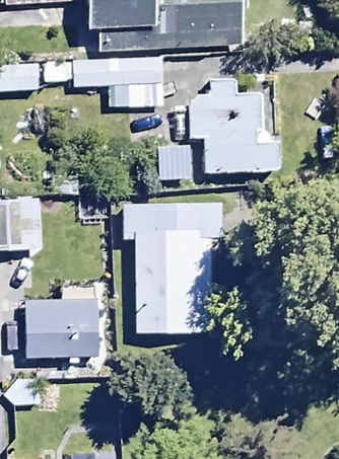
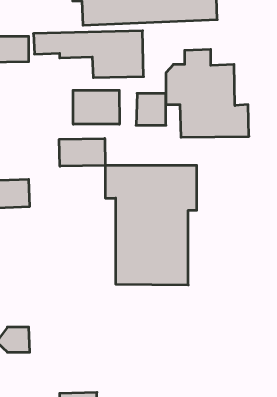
building: none -> [73,90,119,124]
building: none -> [59,138,105,166]
building: [23,280,100,338] -> none

